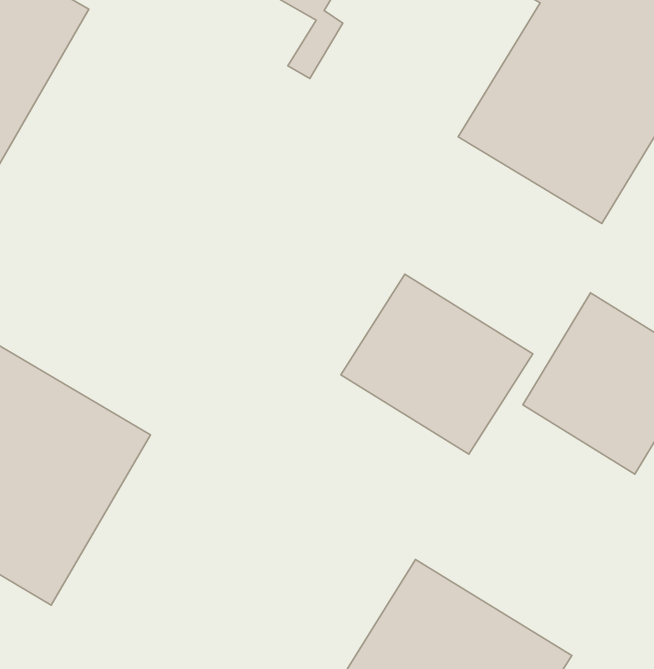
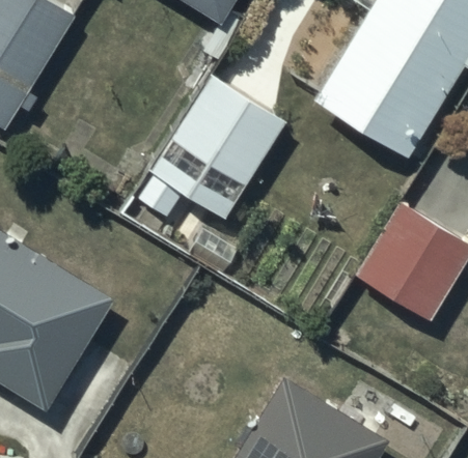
building: none -> [148,74,284,218]
building: [341,274,533,454] -> none

